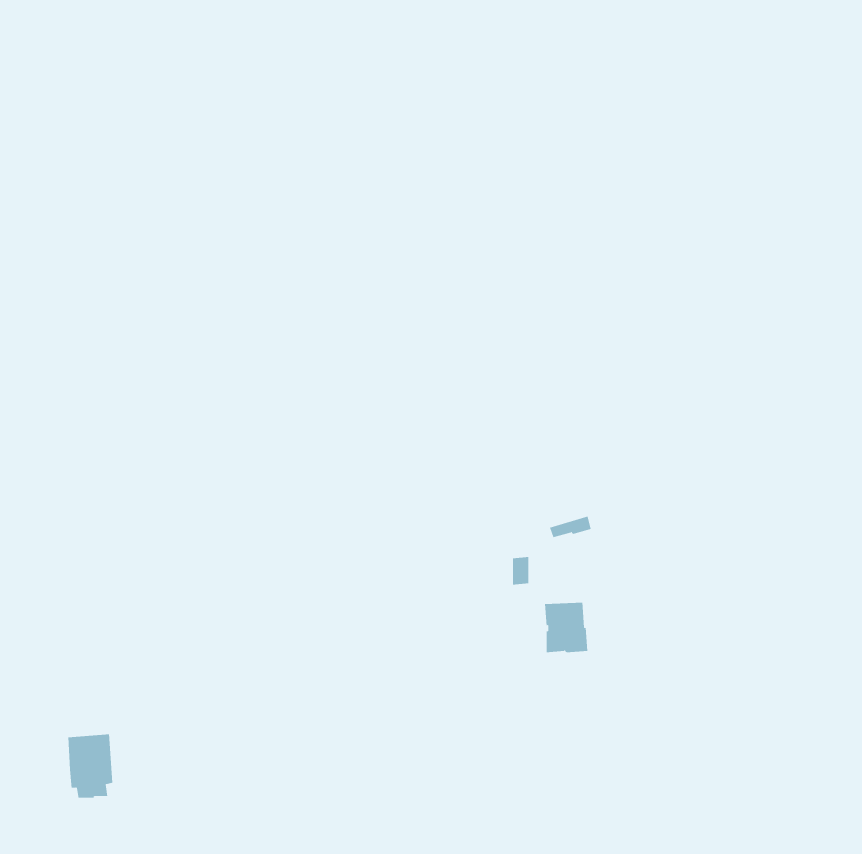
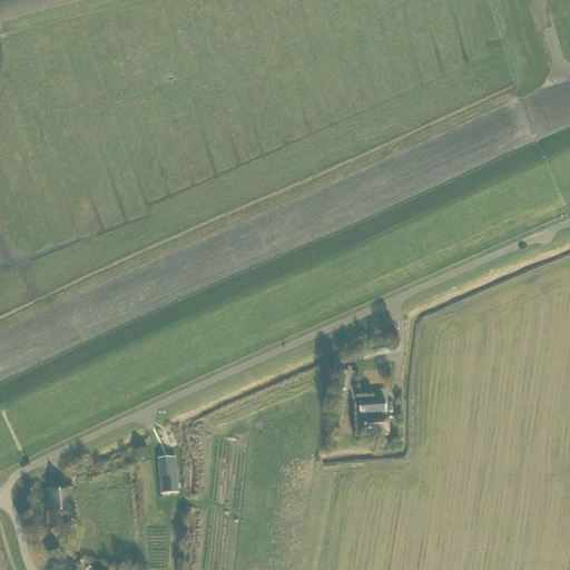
building: none -> [158,453,177,490]

